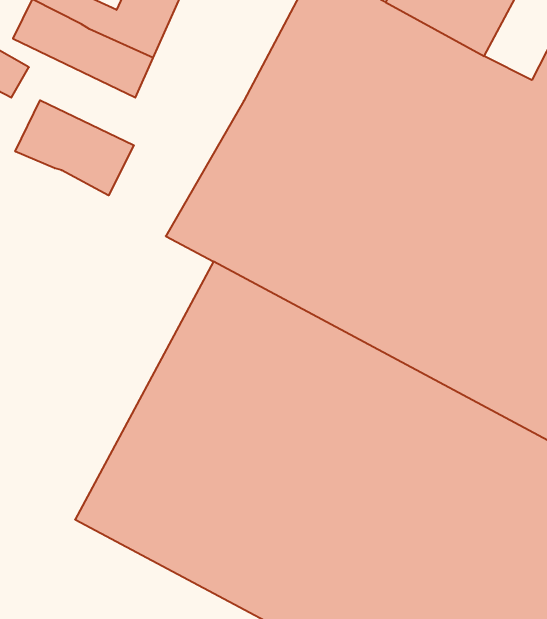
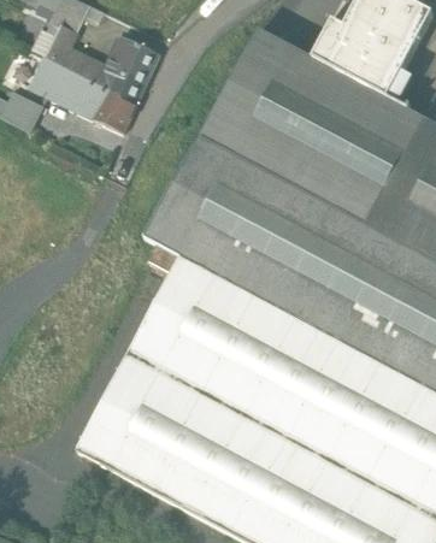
building: [15,100,134,195] -> none

